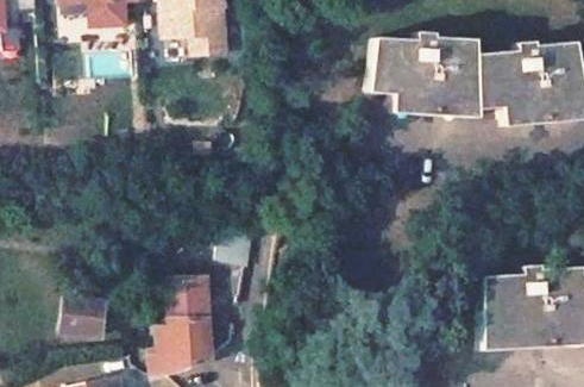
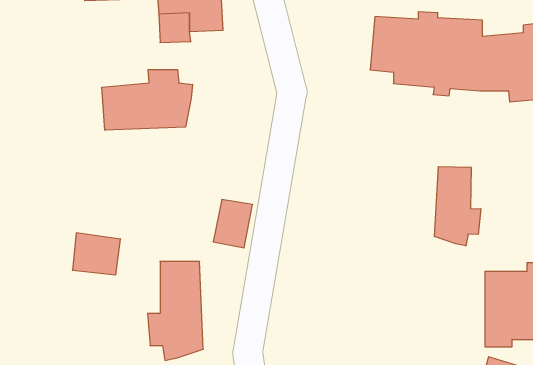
building: none -> [102,70,192,130]
building: none -> [434,167,481,246]
building: [57,299,103,339] -> [72,233,121,275]

